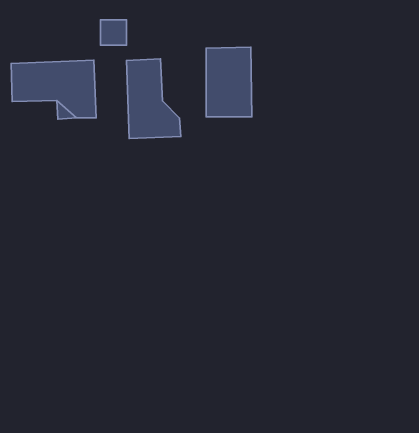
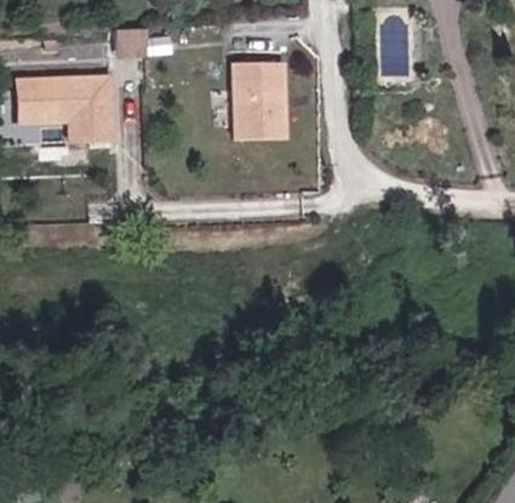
building: [126,59,181,138] -> none

